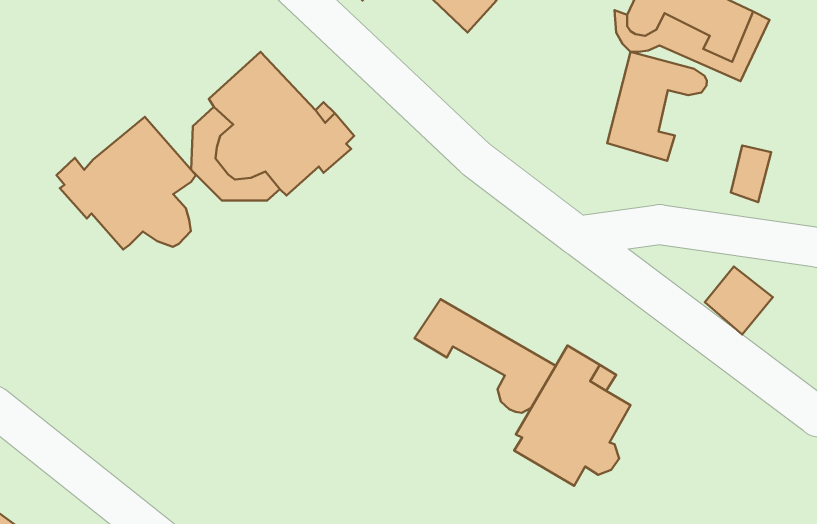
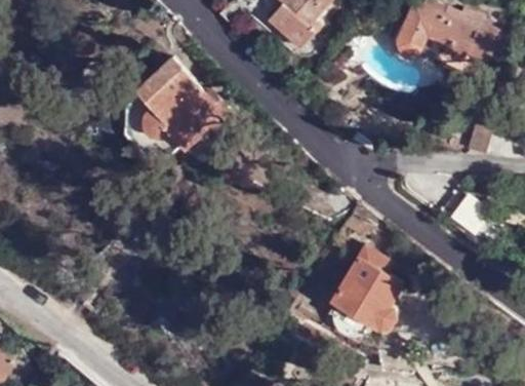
building: [607,52,707,161] -> none
building: [57,117,196,250] -> none
building: [415,299,556,413] -> none

